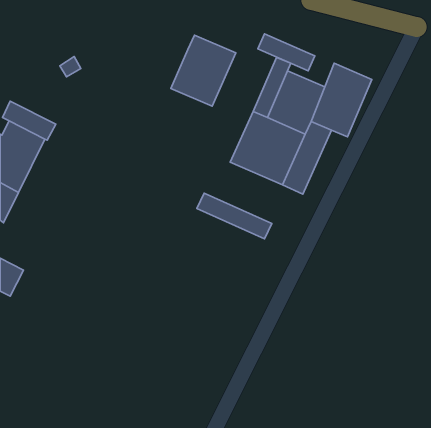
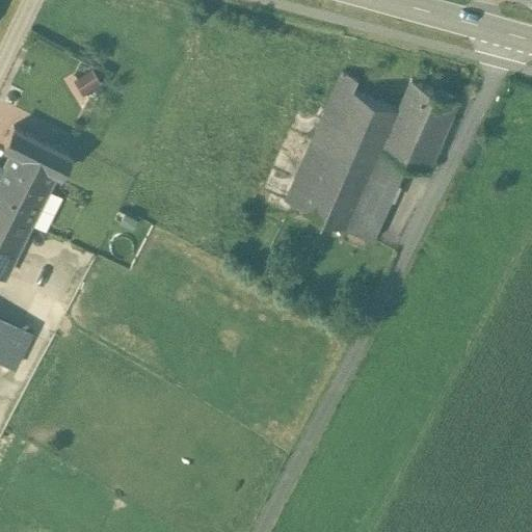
building: [258,34,315,71] -> none
building: [171,35,236,106] -> none
building: [197,193,272,239] -> none

